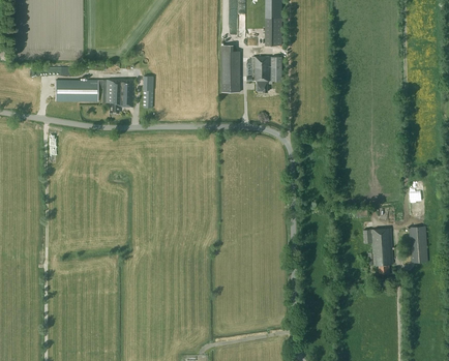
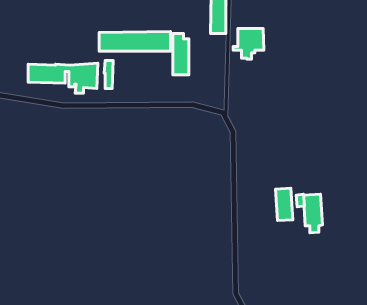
building: none -> [99,31,171,51]
building: [246,56,281,91] -> [233,28,264,59]
building: [408,225,427,263] -> [276,188,293,221]

